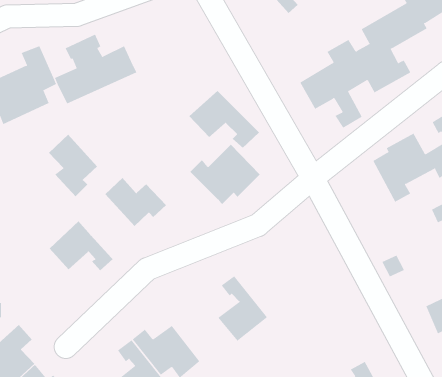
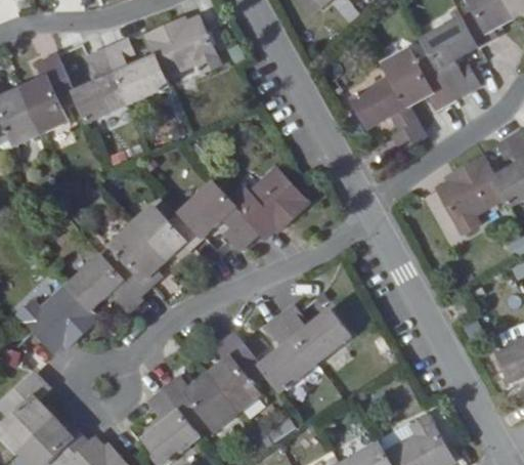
building: none -> [144,14,220,78]
building: [189,90,260,149] -> [178,182,259,249]
building: [48,134,98,197] -> [108,224,165,296]
building: none -> [16,285,97,351]
building: none -> [278,304,351,364]
building: none -> [208,331,266,414]

